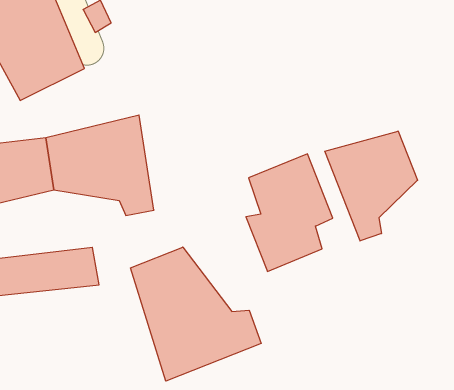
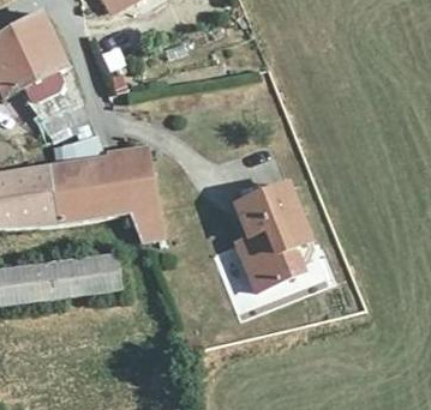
building: [325,131,418,241] -> none
building: [130,247,261,381] -> none

